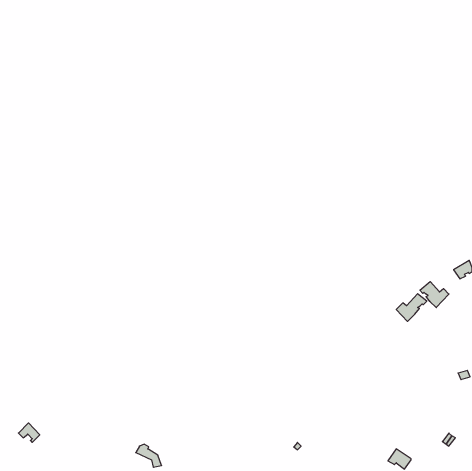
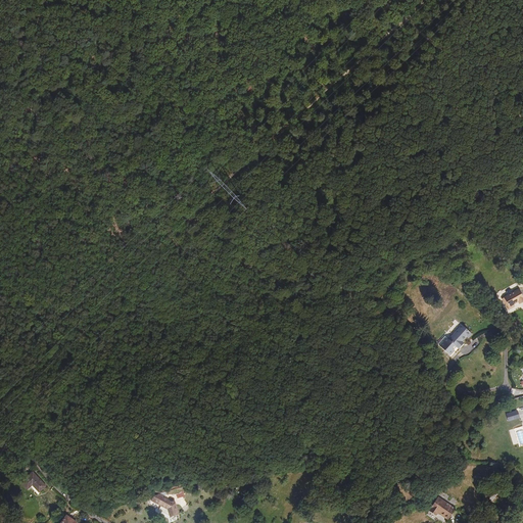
building: [420,282,449,308] -> none

